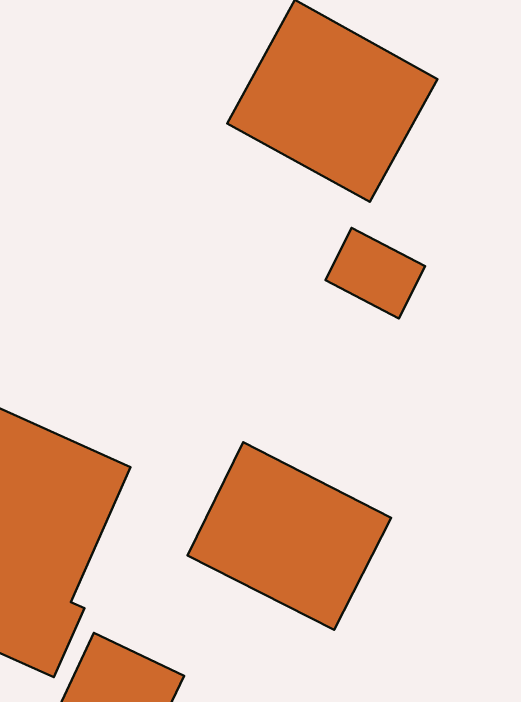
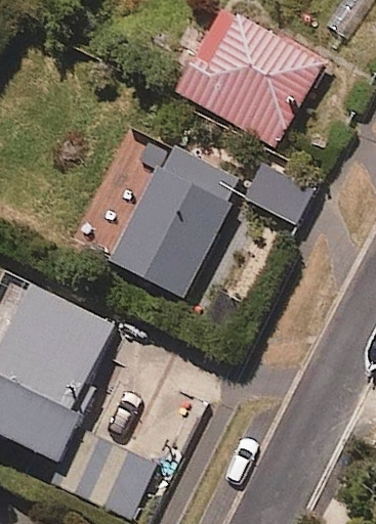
building: none -> [107,145,241,297]
building: [187,442,391,630] -> none

